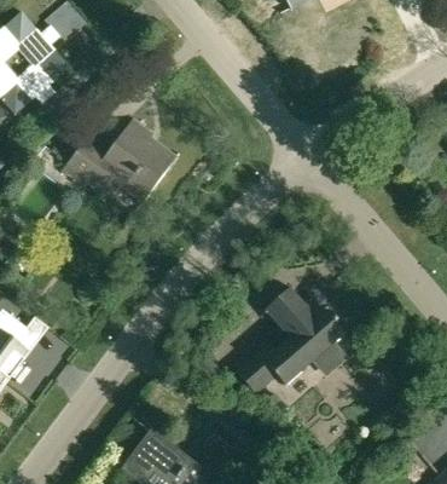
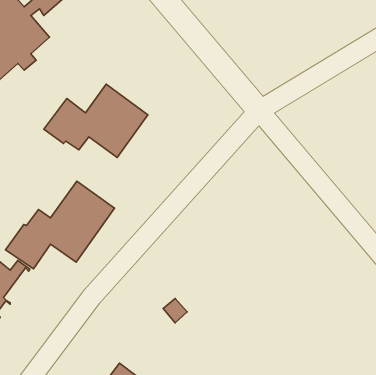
building: none -> [6,181,114,269]
building: [237,289,346,394] -> none

